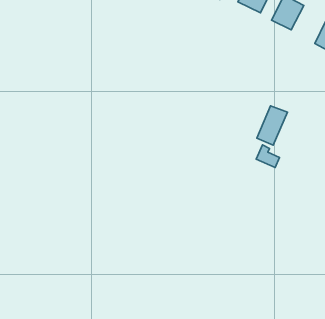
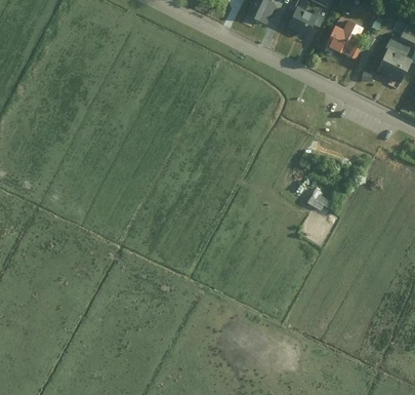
building: [257,106,287,145] -> none

